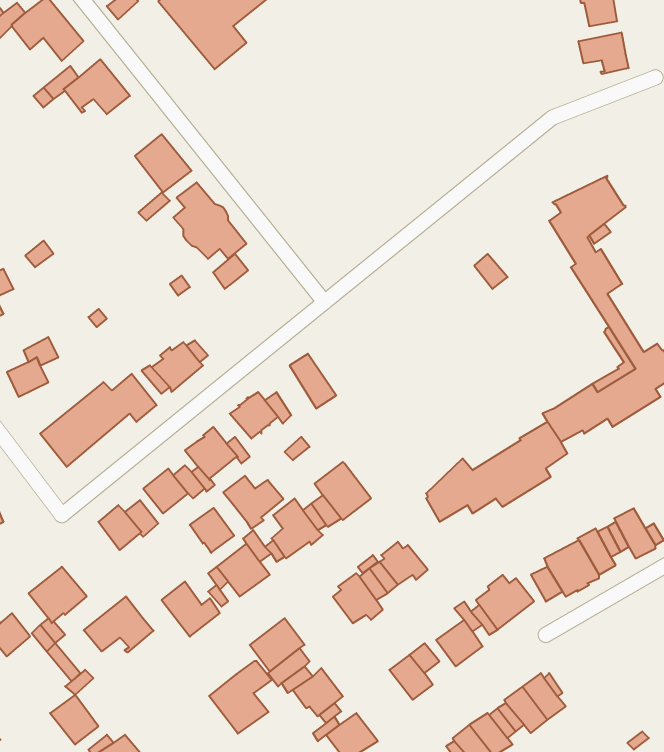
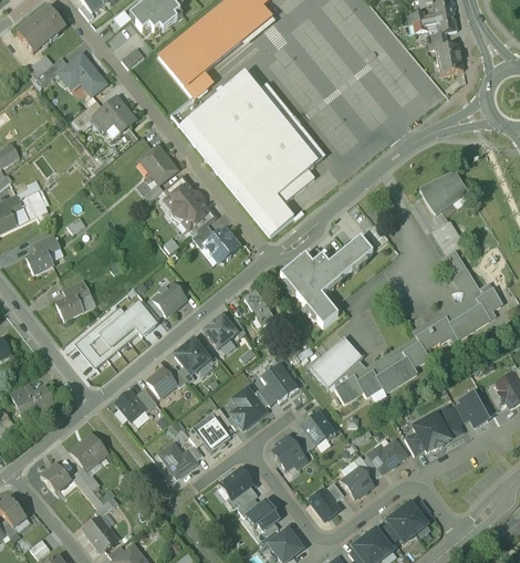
building: none -> [177,72,323,238]
building: [579,32,629,74] -> none
building: none -> [205,229,239,257]
building: none -> [279,237,373,326]
building: none -> [310,336,362,387]
building: [223,476,283,529] -> none
building: [190,508,234,553] -> none
building: [84,596,154,652] -> none
building: [209,661,272,734] -> none

